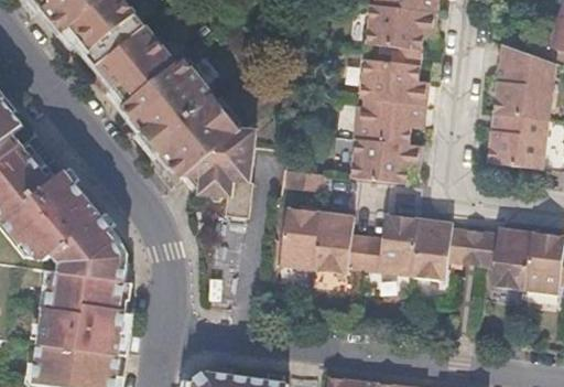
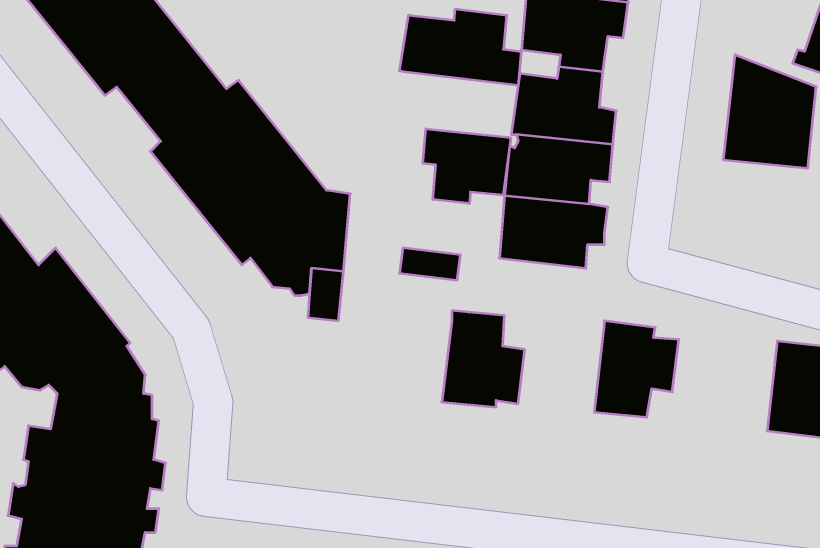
building: none -> [399,9,521,86]
building: none -> [423,129,511,204]
building: [492,114,552,166] -> none
building: [281,208,321,271] -> none
building: [364,214,420,278] -> none
building: [464,227,532,290] -> none

